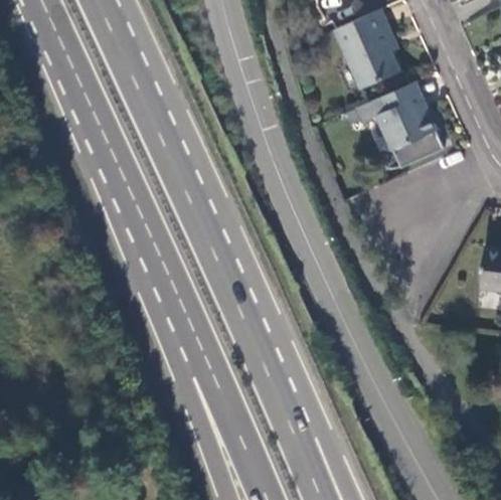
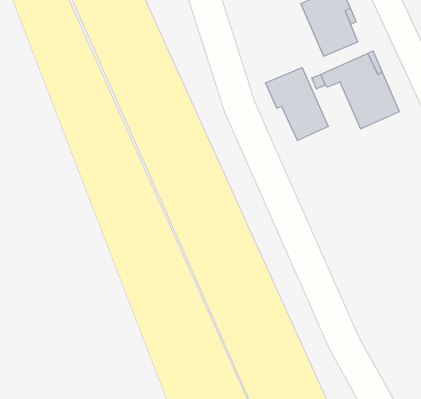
building: none -> [266,68,328,140]

